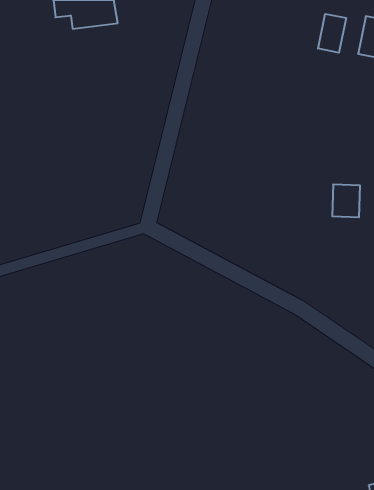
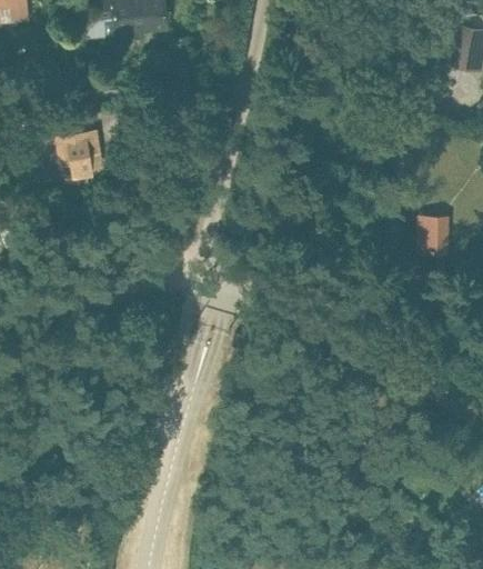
building: [318,14,346,53] -> none
building: none -> [57,132,98,173]

